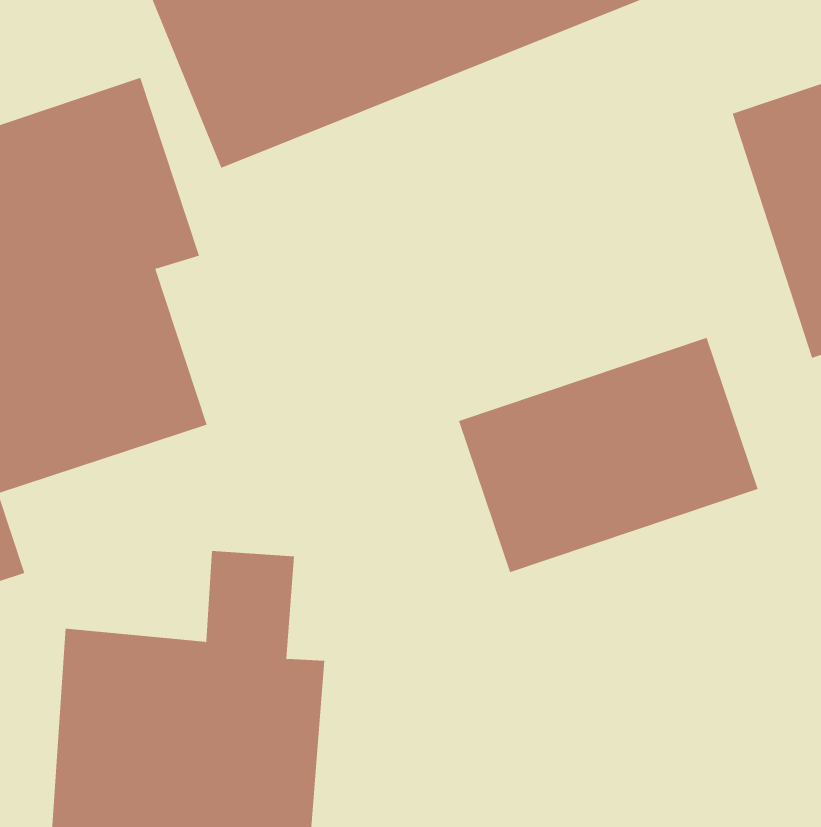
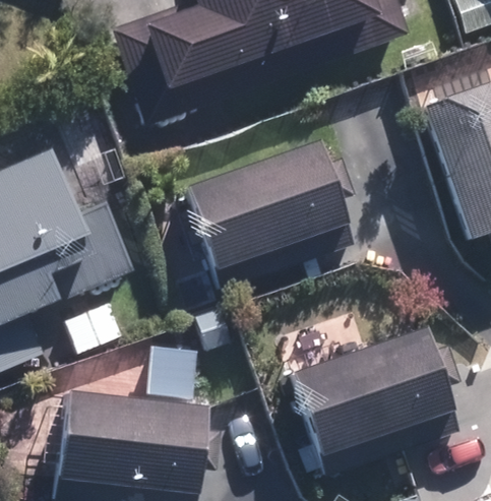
building: none -> [178,142,344,272]
building: [458,337,758,573] -> [294,321,454,447]

